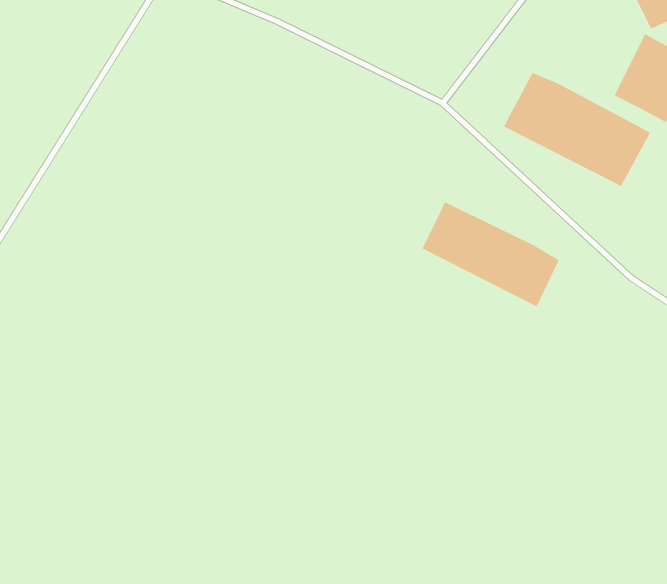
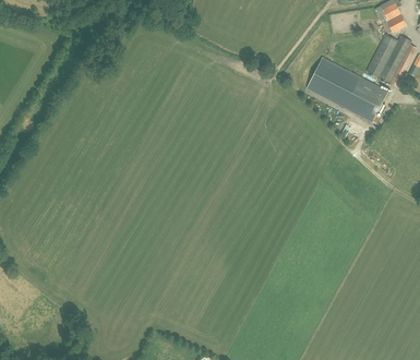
building: [422,201,559,307] -> none

